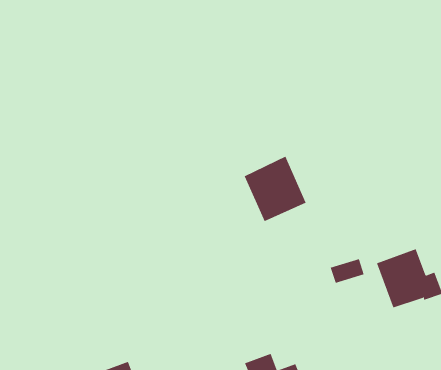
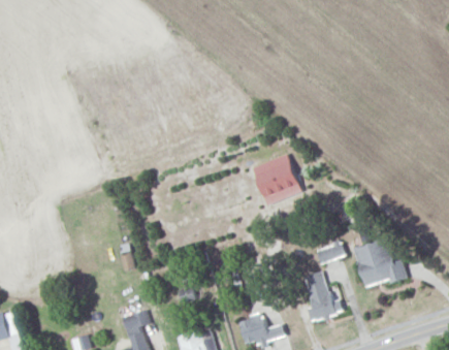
building: none -> [306,271,344,320]

